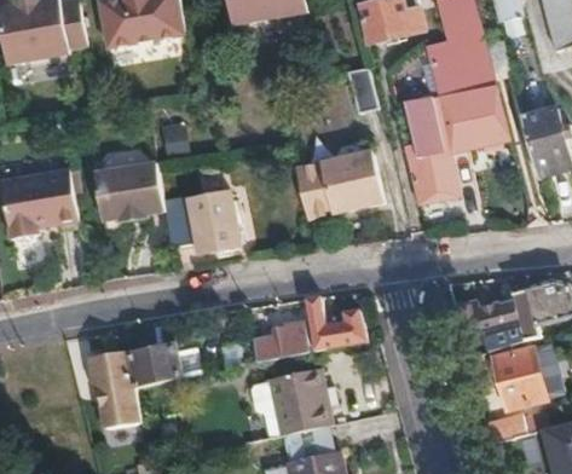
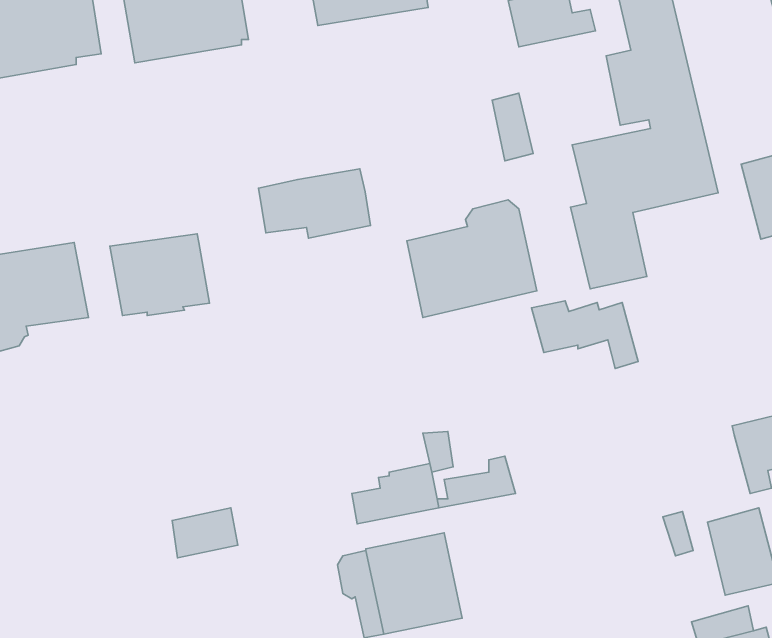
building: [161,204,237,252] -> [259,169,371,238]
building: [455,299,527,345] -> [531,301,638,368]
building: [89,352,141,429] -> none

